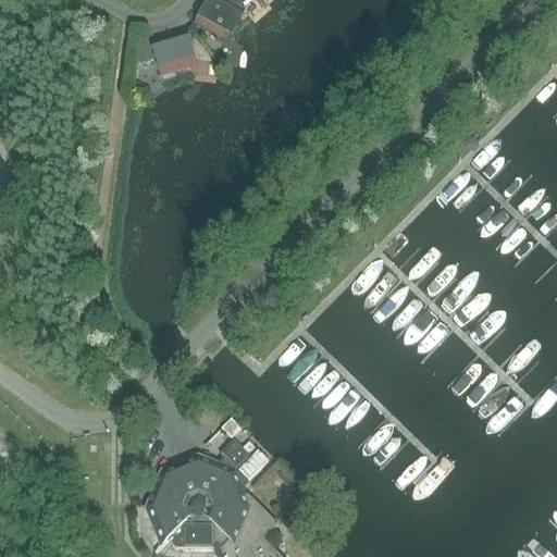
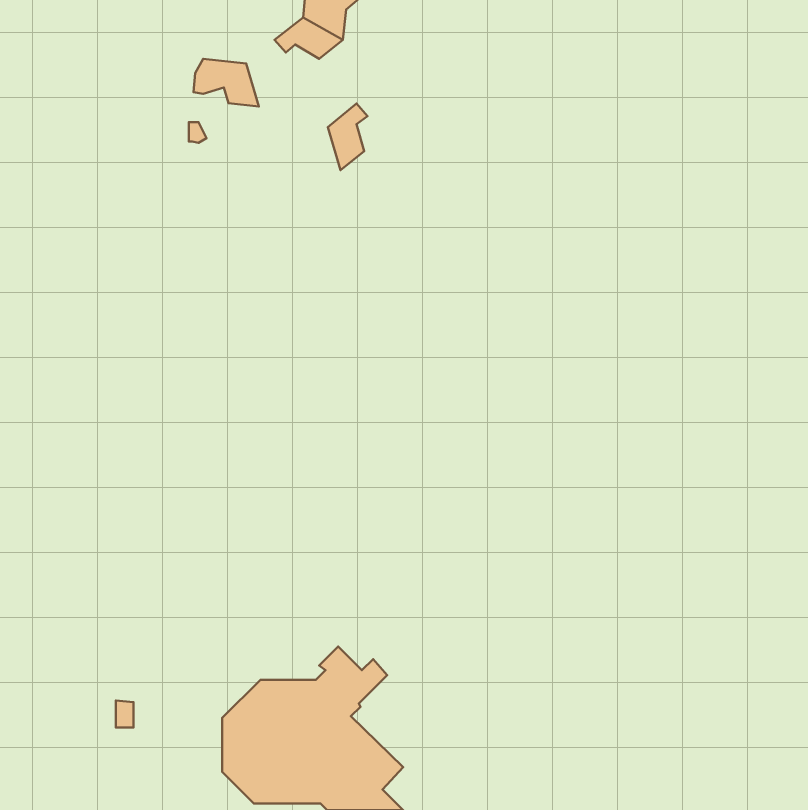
building: [169,27,196,73] -> [328,103,367,170]

